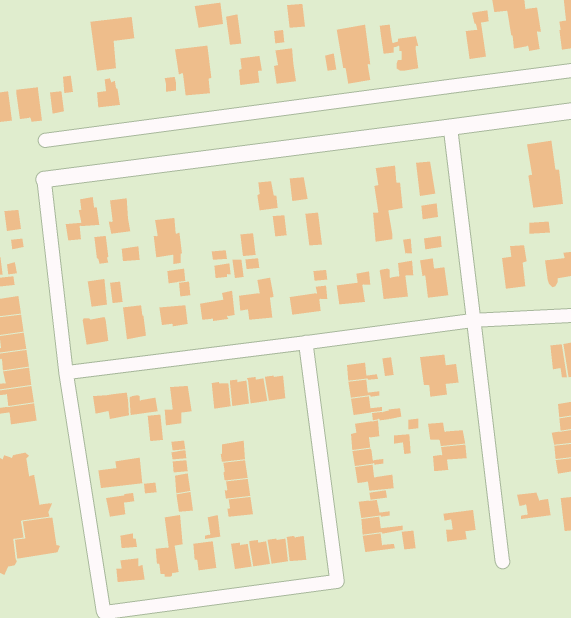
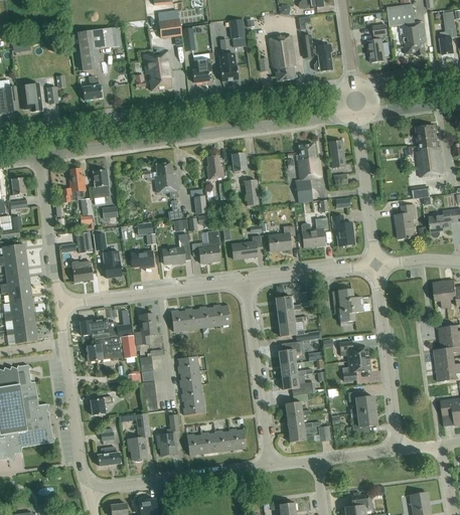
building: [153,217,183,264] -> [154,161,177,197]
building: [97,457,143,489] -> [87,336,122,360]
building: [516,492,551,519] -> [347,390,374,411]

